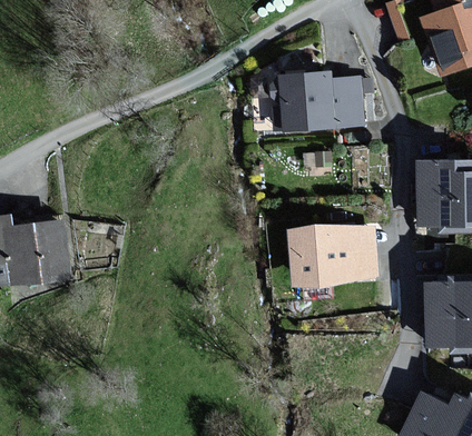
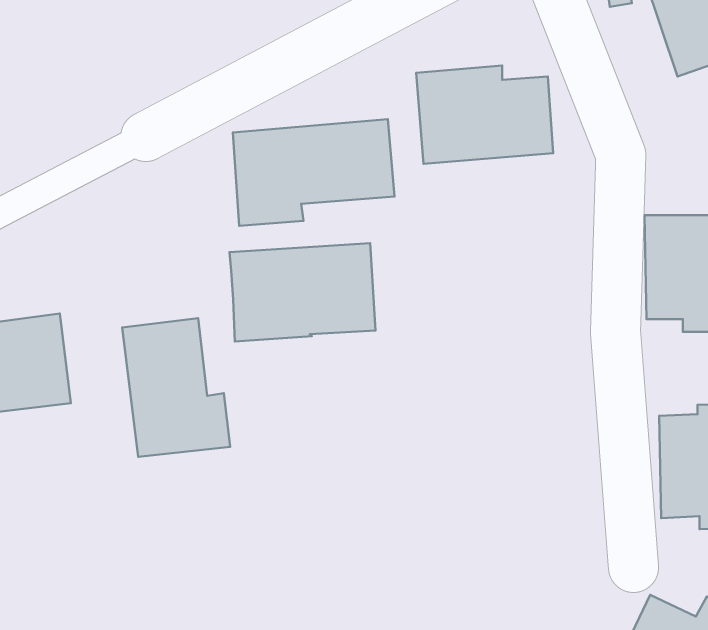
building: none -> [233,119,394,226]
building: none -> [122,318,230,457]
building: [288,226,377,286] -> [229,243,376,342]

